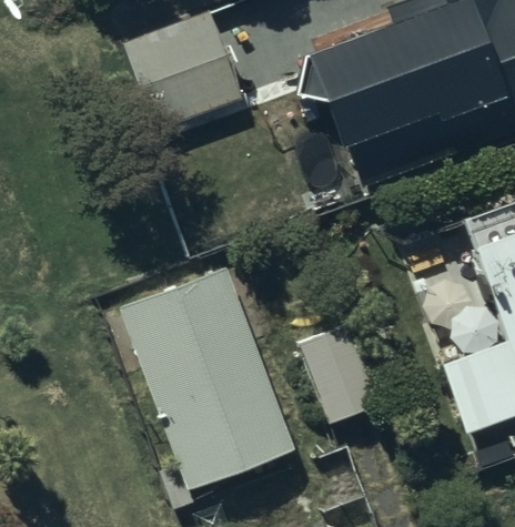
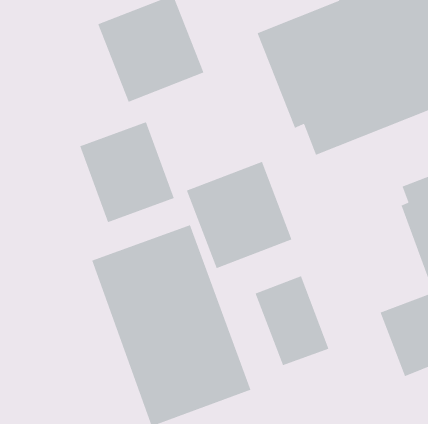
building: none -> [79,121,175,223]
building: none -> [186,161,293,269]

